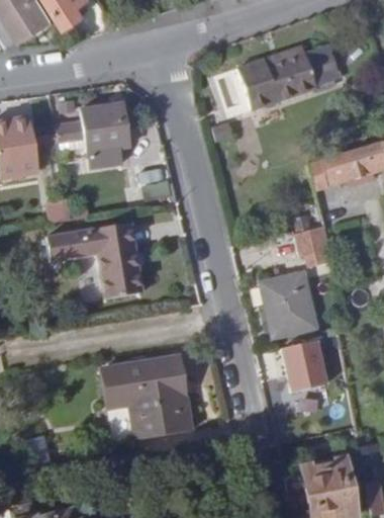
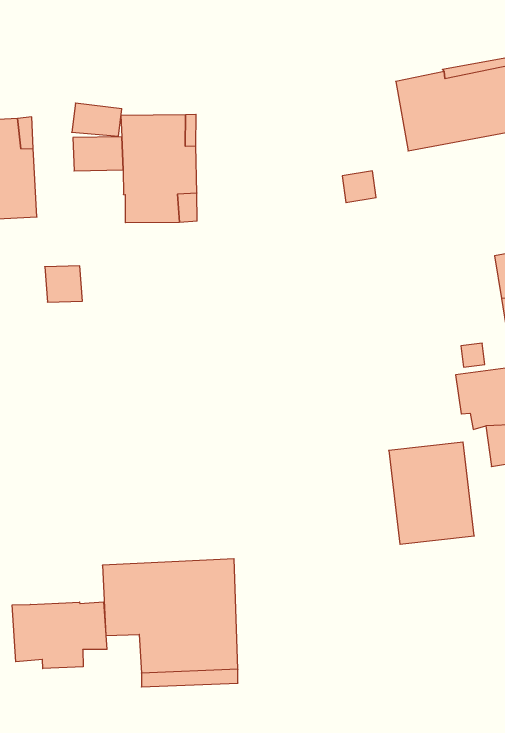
building: [46,222,142,298] -> none
building: [284,338,333,395] -> none
building: none -> [12,602,107,669]

